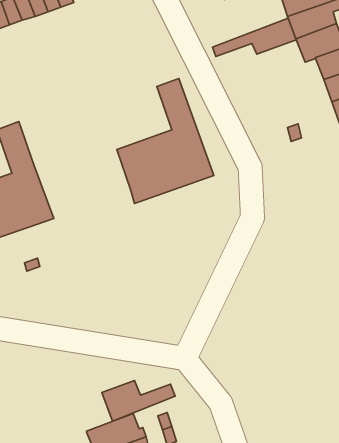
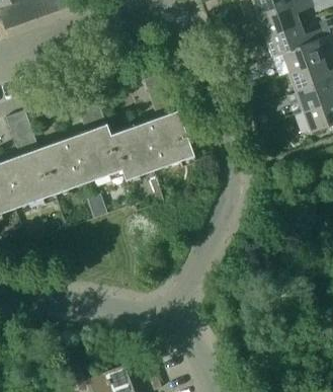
building: [213,18,296,56] -> none
building: none -> [37,85,121,193]
building: [102,380,175,421] -> none

